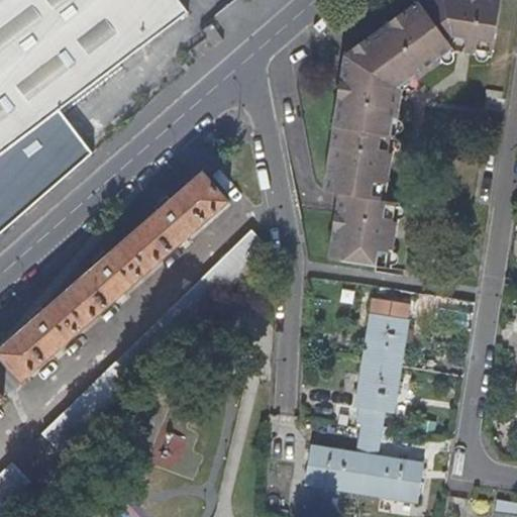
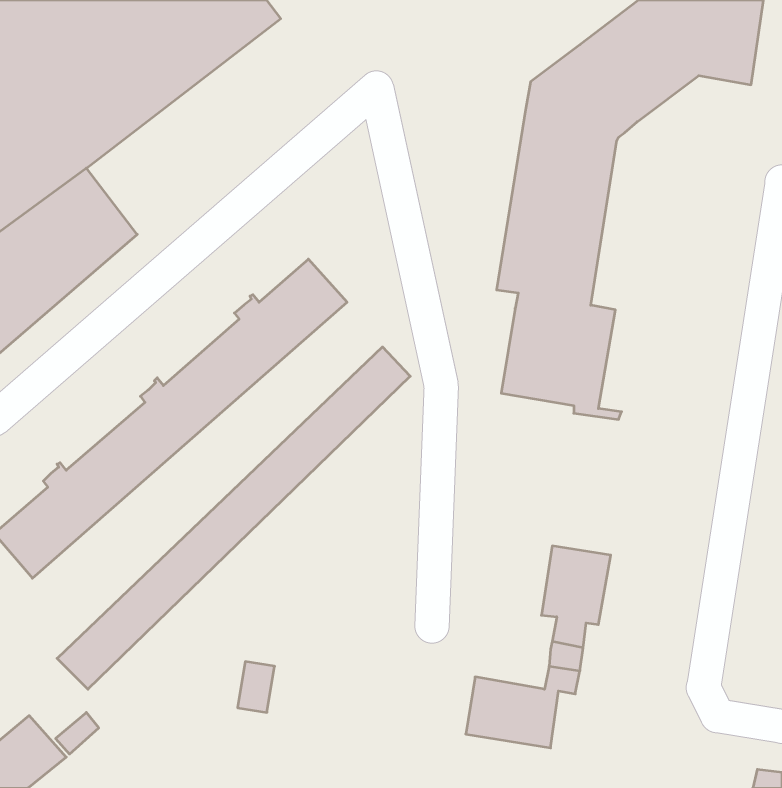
building: [361,297,407,364] -> none
building: [360,452,423,499] -> none

